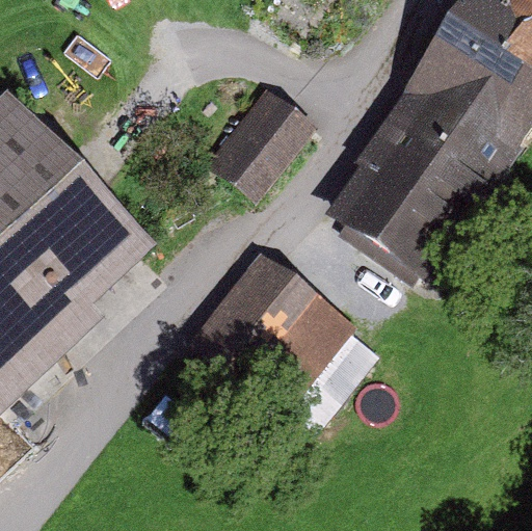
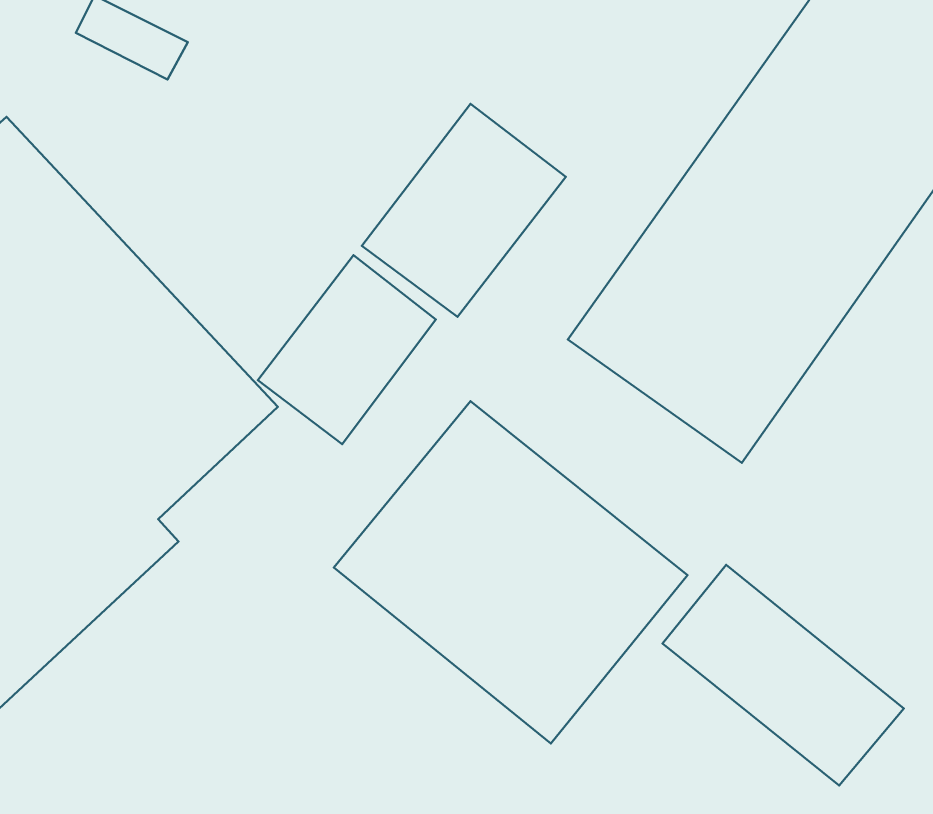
building: none -> [258,255,436,444]
building: none -> [662,565,904,785]

